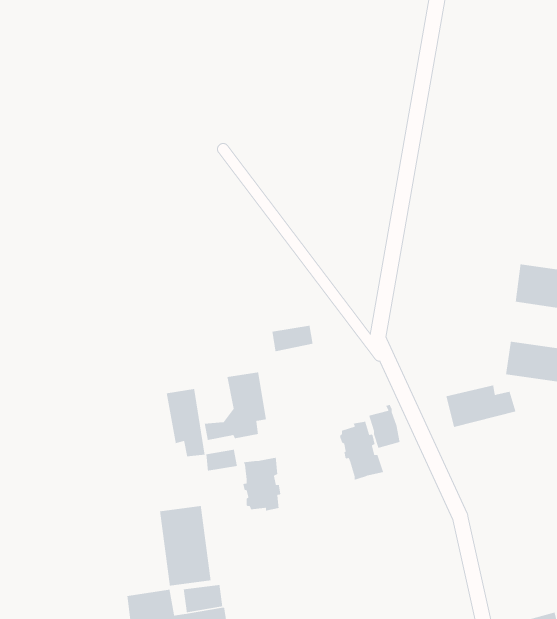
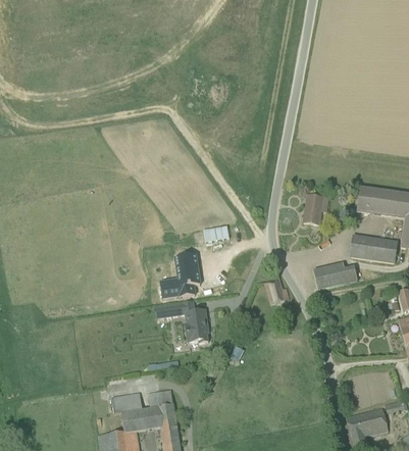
building: none -> [304,195,328,224]
building: [166,388,206,457] -> none
building: [339,421,384,481] -> none
building: [159,505,211,586] -> none

